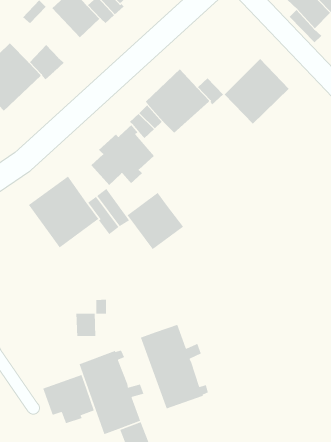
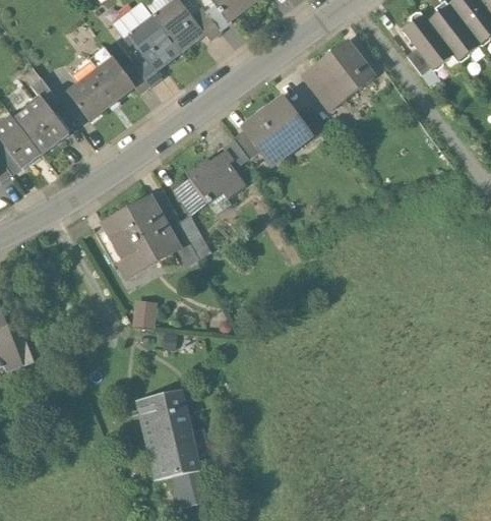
building: none -> [128,15,179,69]
building: [224,58,289,124] -> [302,40,373,110]
building: [126,192,184,250] -> none
building: [76,313,96,337] -> [132,299,156,327]
building: [140,324,209,409] -> none
building: [42,374,95,424] -> none

